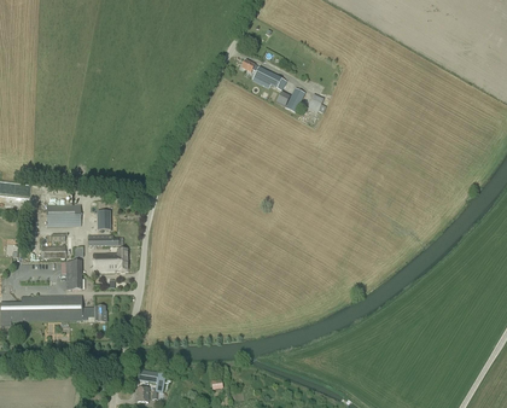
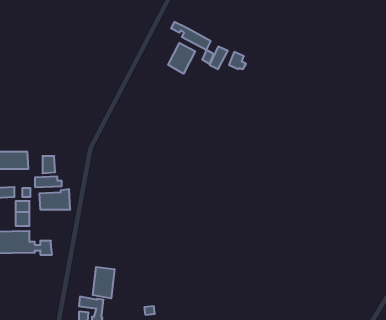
building: none -> [168,43,195,74]
building: none -> [93,267,114,298]

